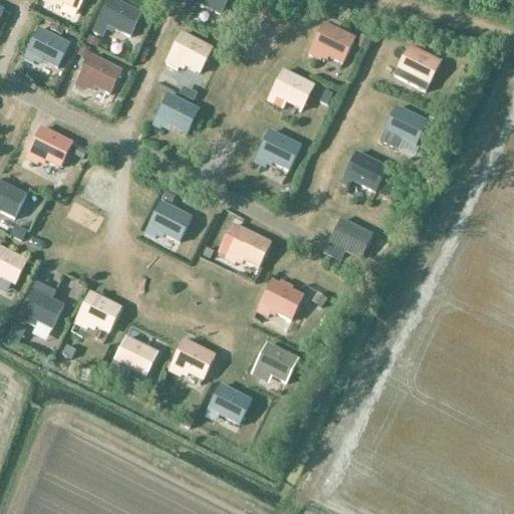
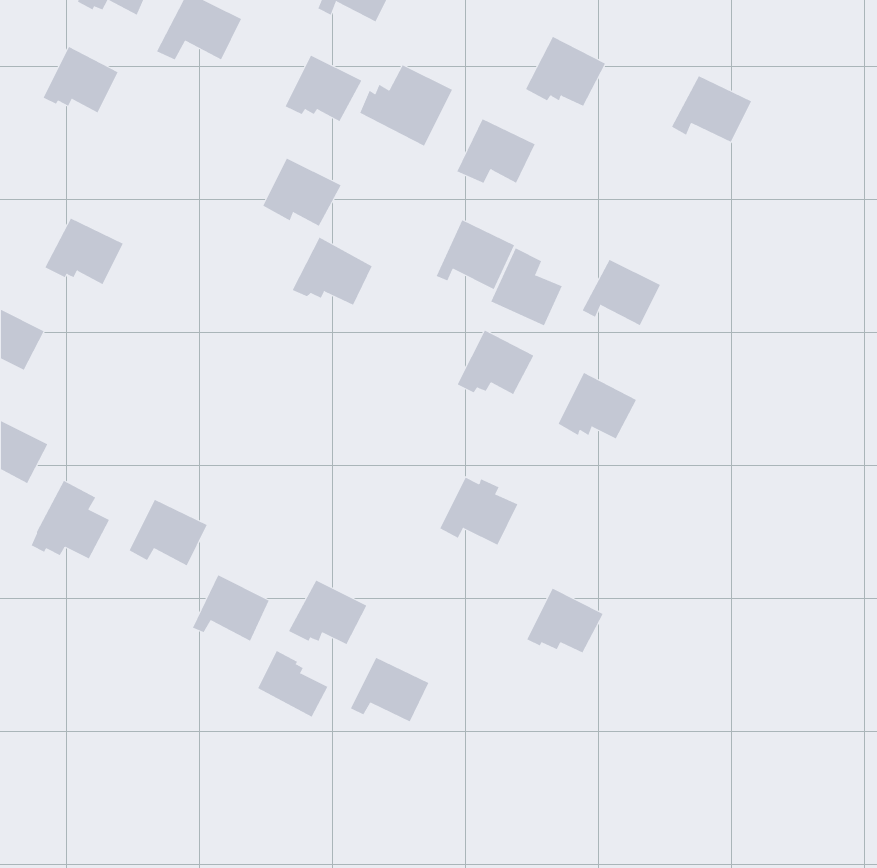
building: none -> [359,64,453,146]
building: [74,53,121,93] -> none
building: [381,105,427,145] -> none
building: none -> [491,247,563,326]
building: [146,201,193,241] -> [292,237,372,306]
building: [225,227,270,265] -> [457,330,534,395]
building: [252,342,297,380] -> [526,588,604,653]
building: none -> [257,650,328,717]

